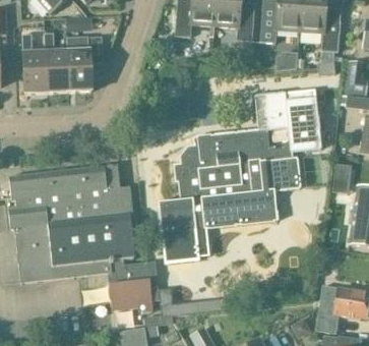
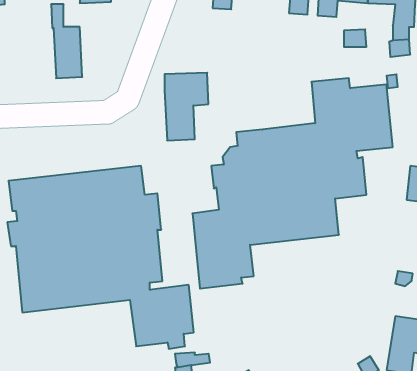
building: [22,33,48,93] -> none
building: [67,36,103,91] -> [165,73,208,140]

